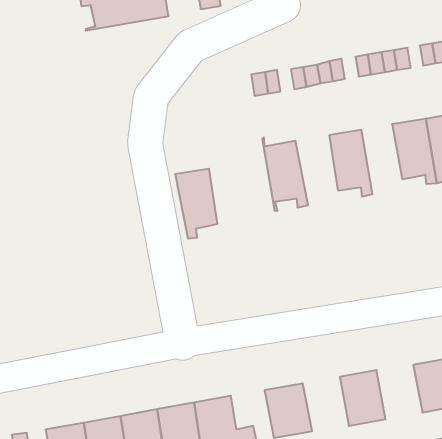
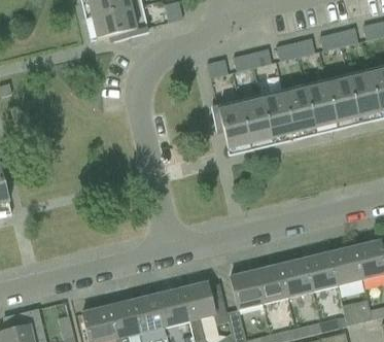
building: none -> [284,91,314,139]
building: [175,169,218,239] -> [240,101,271,149]
building: none -> [305,253,338,292]
building: none -> [255,265,288,303]

